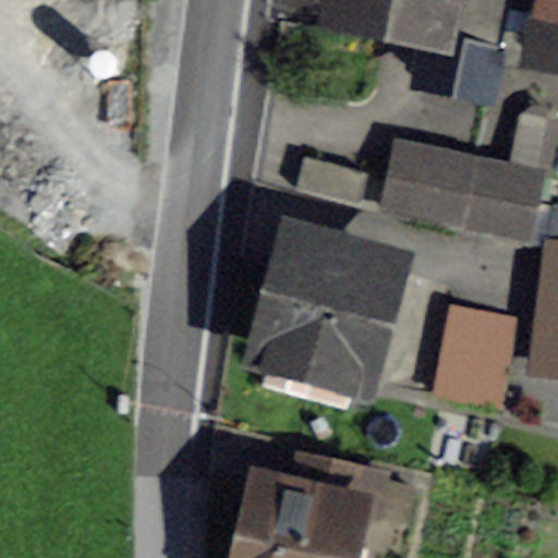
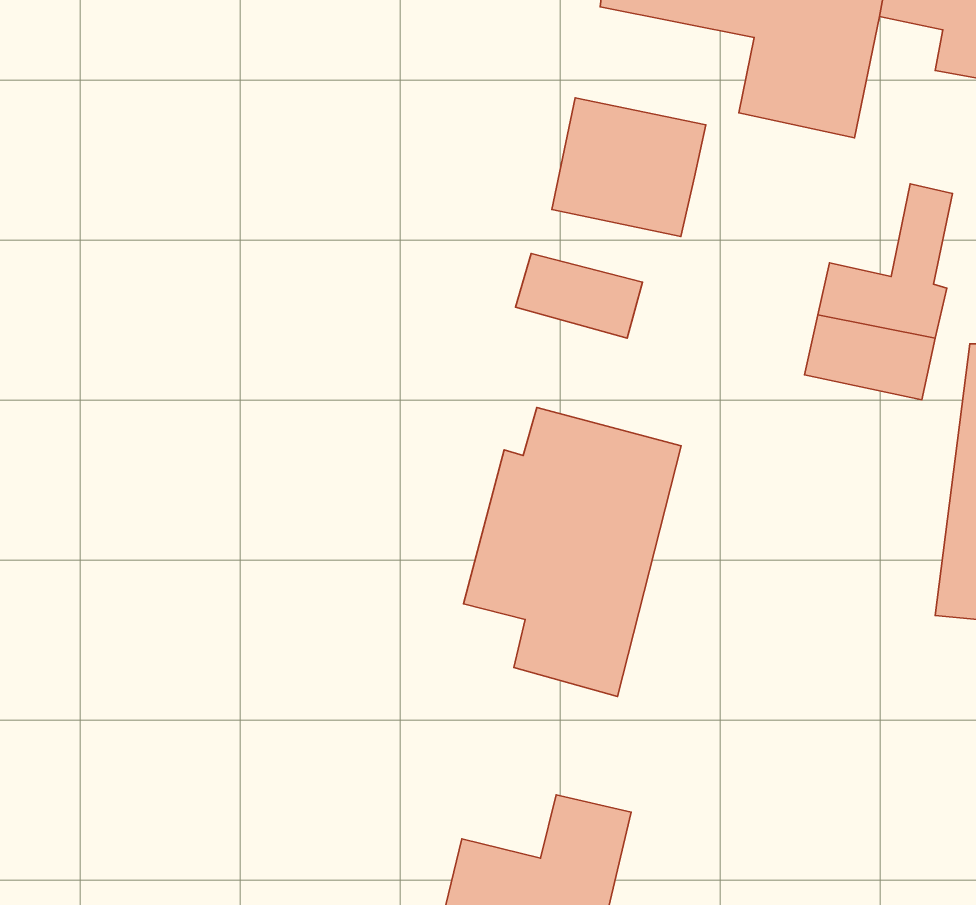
building: [383,143,470,221] -> [552,98,706,236]
building: [435,302,513,403] -> none

